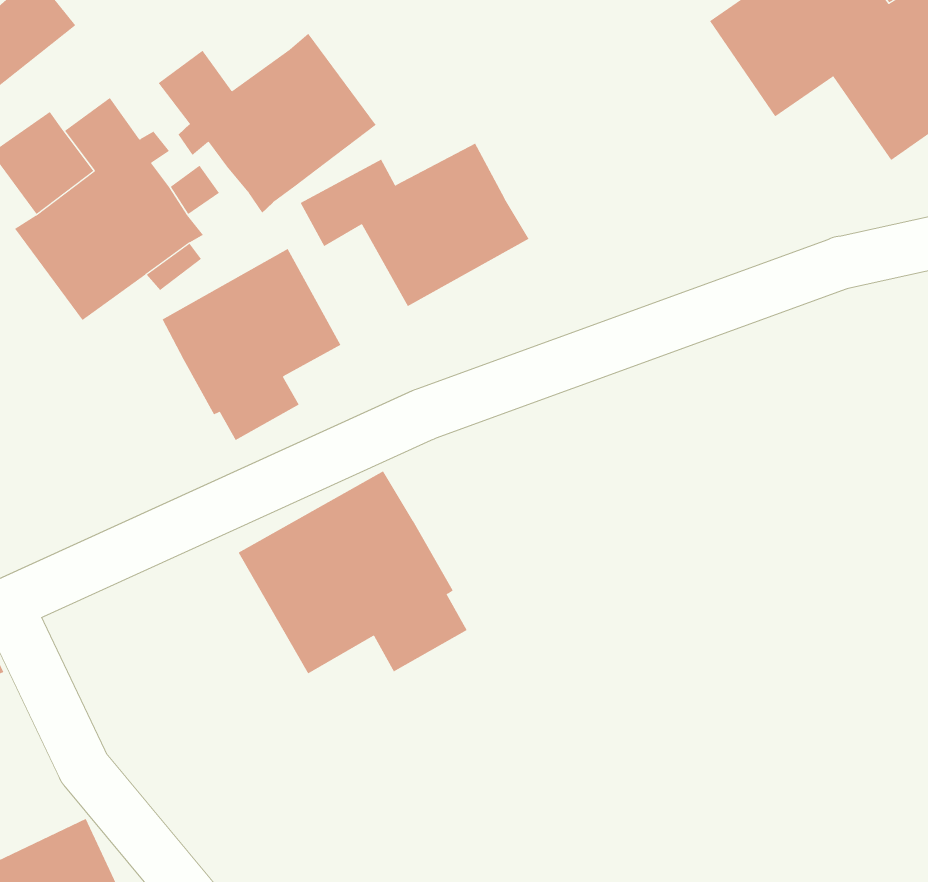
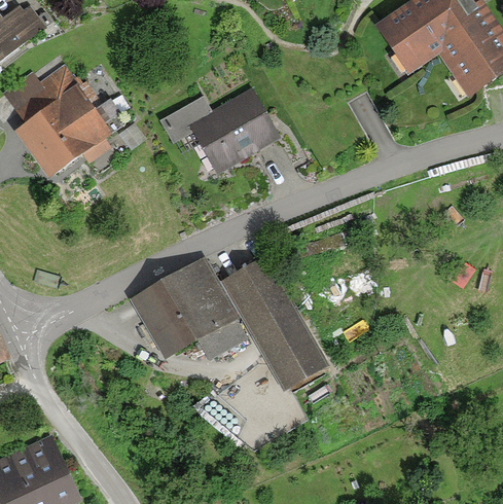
building: [158,33,376,214] -> none
building: [162,248,341,441] -> none
building: none -> [220,255,330,392]

